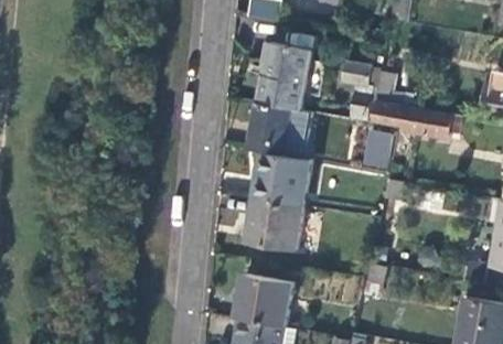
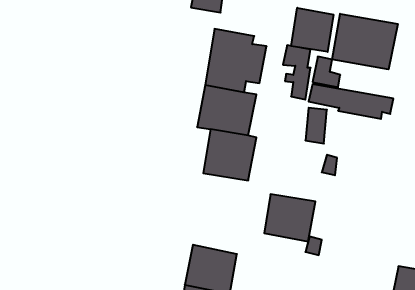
building: none -> [291,8,333,52]
building: none -> [332,14,398,69]
building: [248,197,303,248] -> [264,194,315,241]

